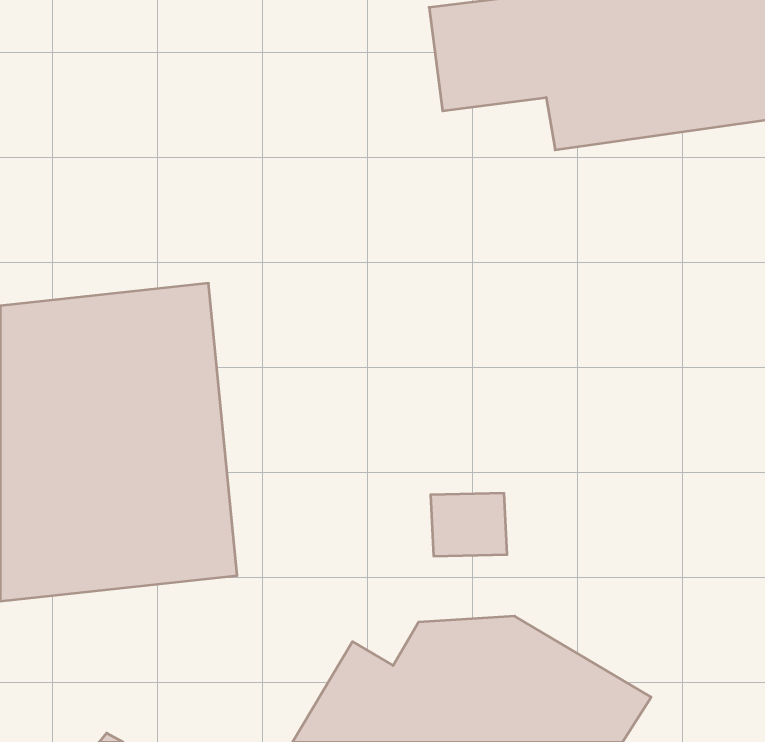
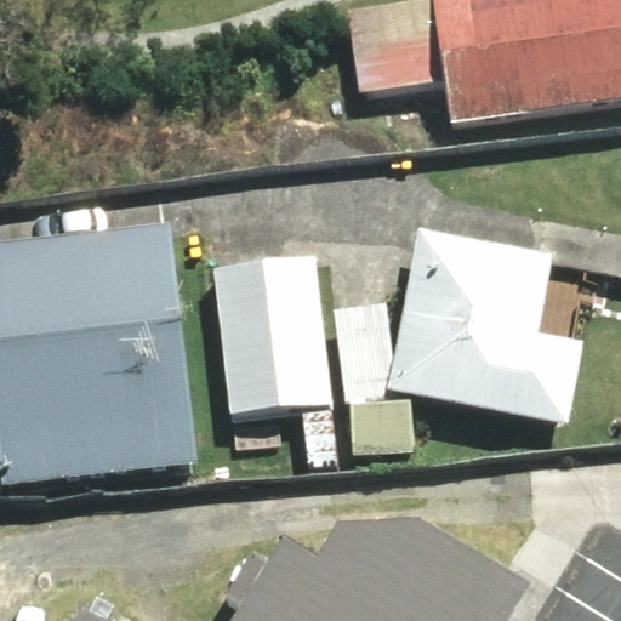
building: none -> [387,230,581,425]
building: none -> [215,257,327,414]

